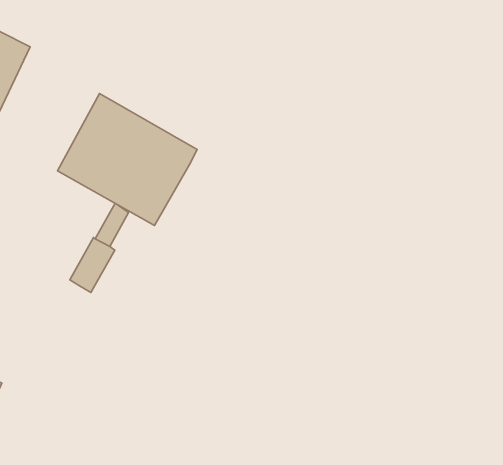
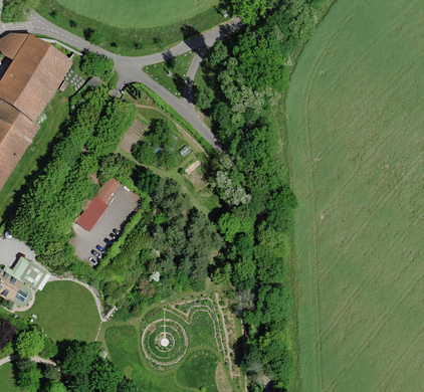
building: [58,94,197,225] -> none

